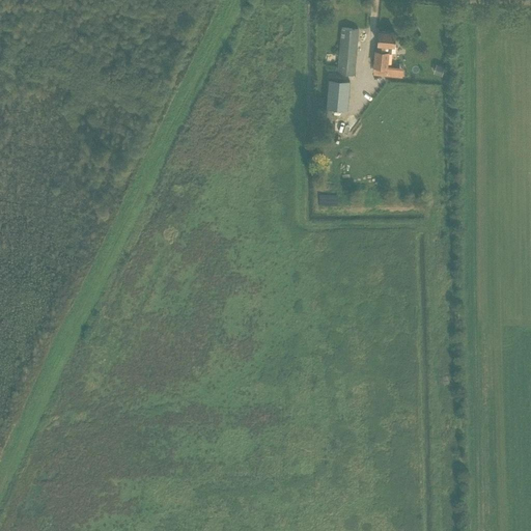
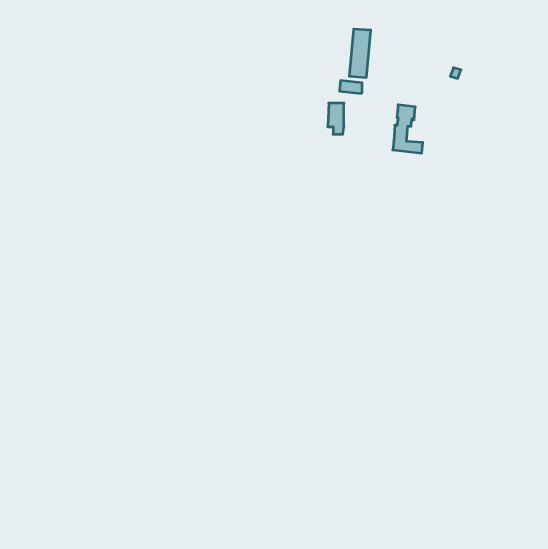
building: [374,31,403,78] -> [393,105,423,153]

